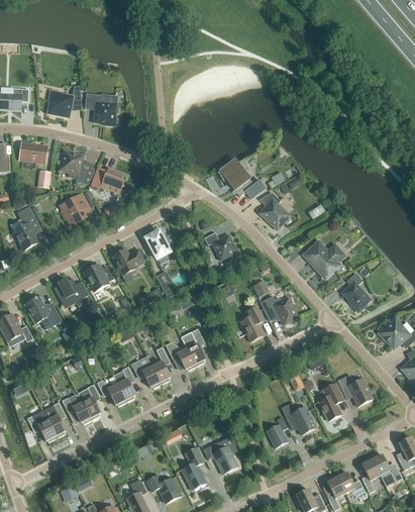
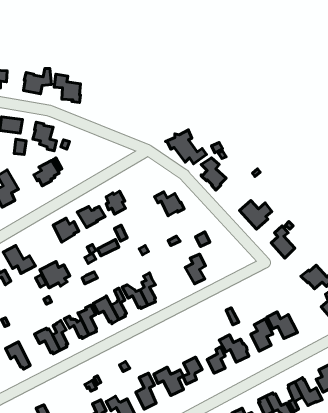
building: [101,168,124,194] -> none
building: [54,278,89,309] -> [40,261,70,288]
building: [261,296,298,325] -> none
building: [42,402,66,438] -> none
building: none -> [183,357,202,384]

